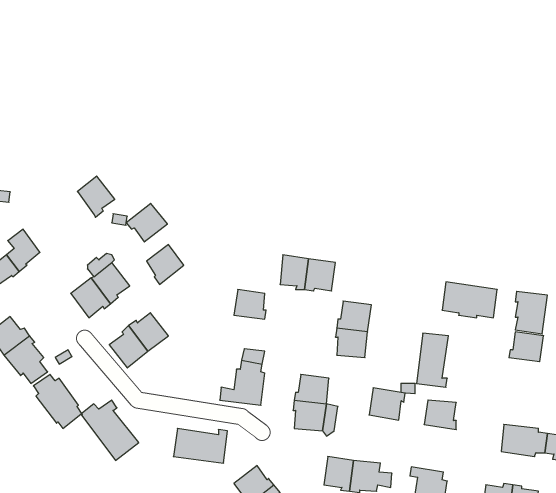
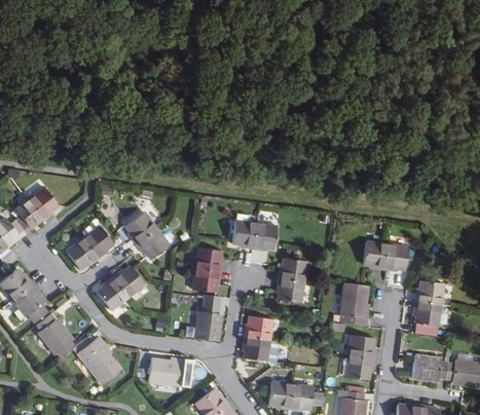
building: [77,176,115,217] -> [28,187,58,220]
building: [126,203,167,242] -> [137,228,170,259]
building: [515,291,547,334] -> [415,302,441,336]
building: none -> [193,268,221,293]
building: [369,388,405,420] -> [345,355,374,381]

